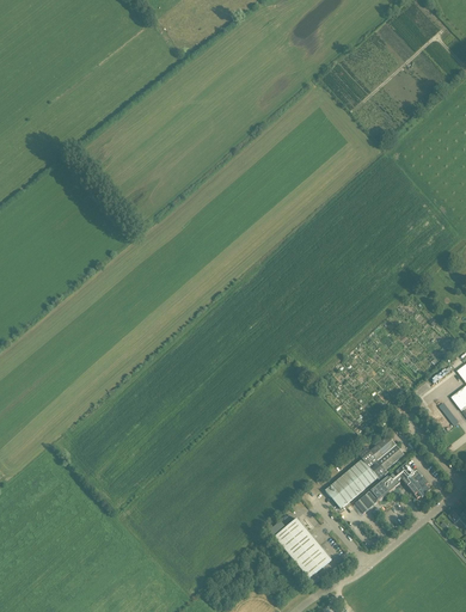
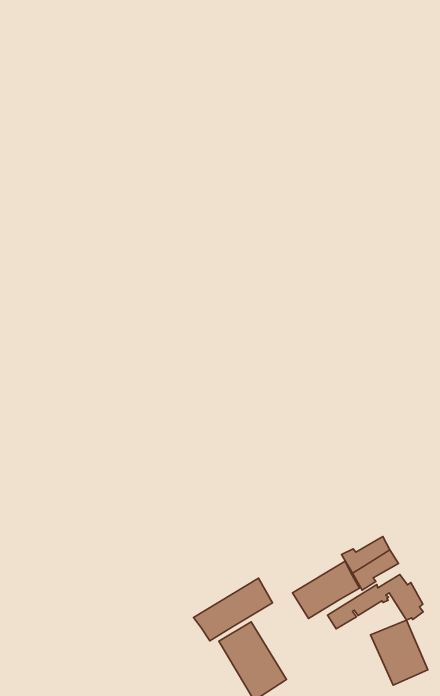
building: none -> [193,578,273,641]
building: none -> [370,620,428,685]

